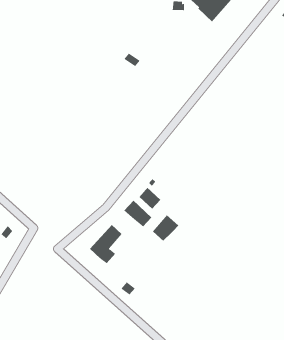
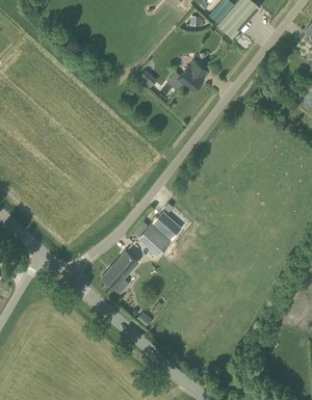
building: none -> [167,60,207,91]
building: [152,214,179,242] -> none

